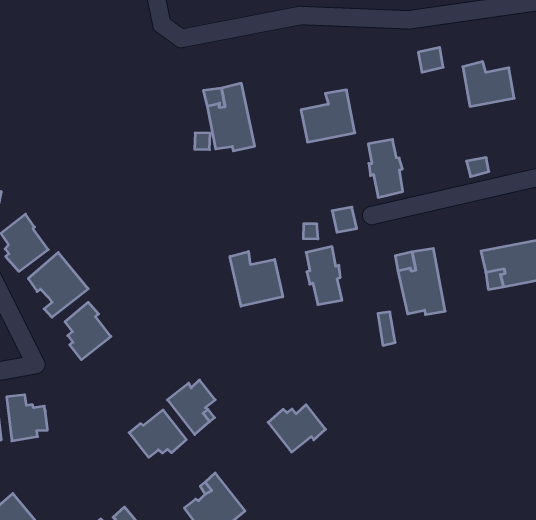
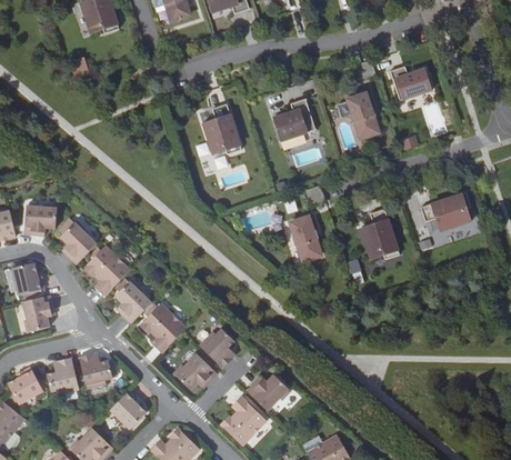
building: [368,139,403,197] -> [347,92,377,137]
building: [230,251,283,306] -> none
building: none -> [140,303,186,351]
building: [268,405,326,452] -> [247,373,290,410]
building: none -> [109,390,146,430]

